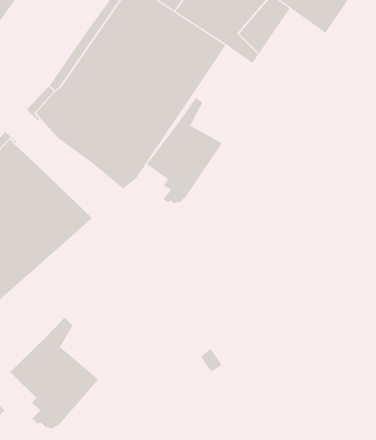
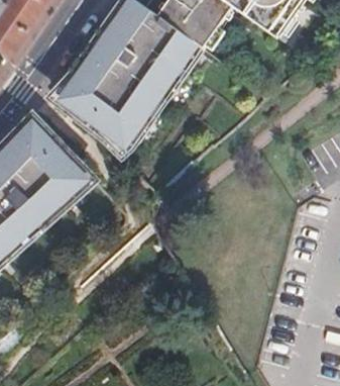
building: [146,97,223,204] -> none
building: [9,317,99,429] -> none

